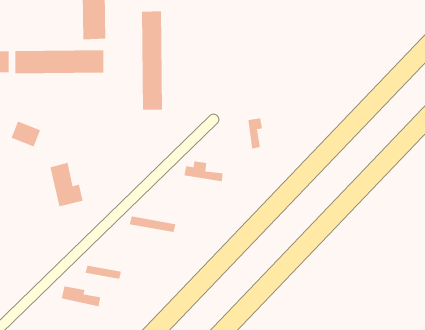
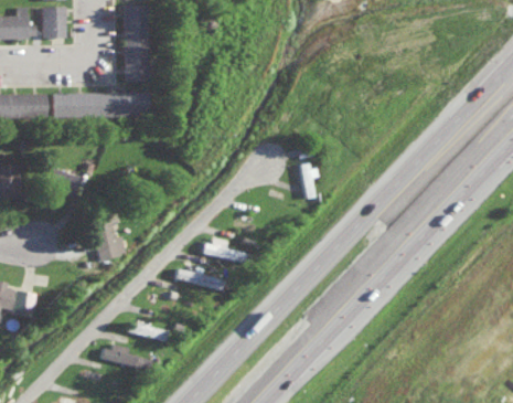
building: [141,11,163,111] -> none
building: [183,160,224,182] -> [202,238,245,262]

